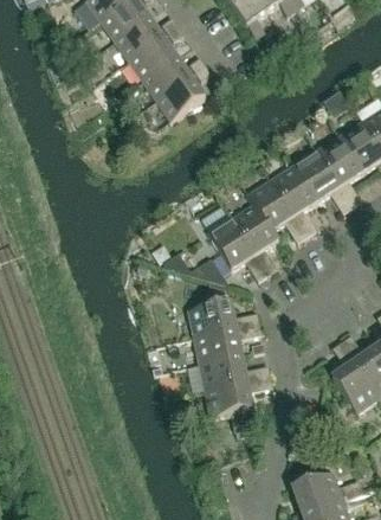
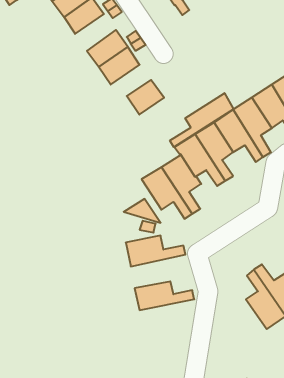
building: [128,37,176,81] -> none
building: none -> [127,80,164,115]
building: none -> [170,93,234,147]
building: [194,323,261,364] -> none
building: [205,377,272,418] -> none

